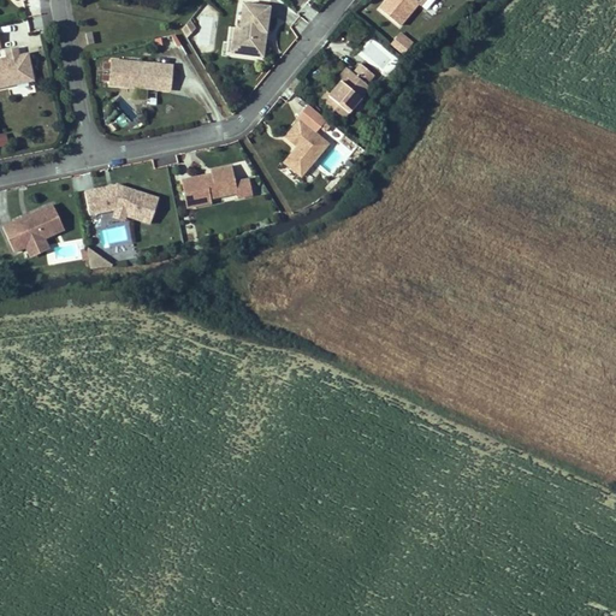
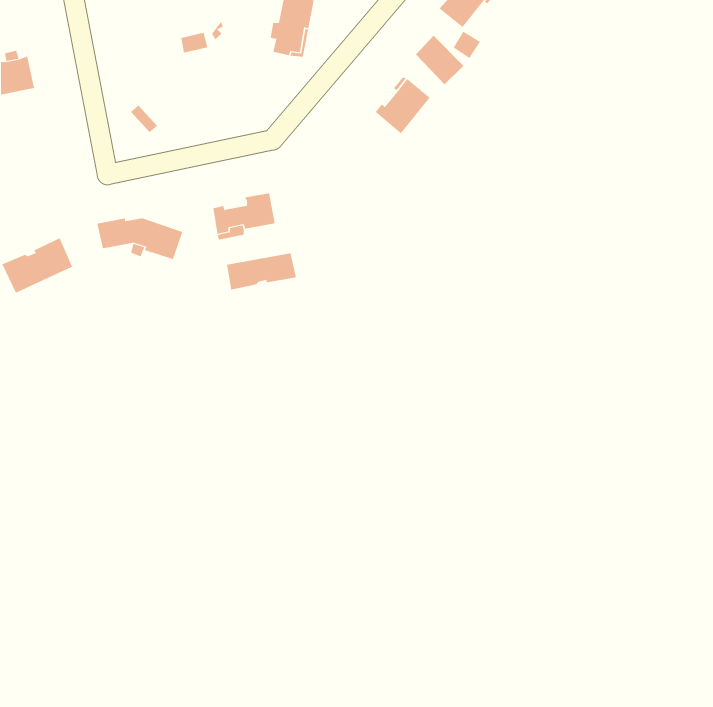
building: [108,59,171,88] -> none
building: [290,117,333,173] -> none
building: none -> [227,252,296,290]

